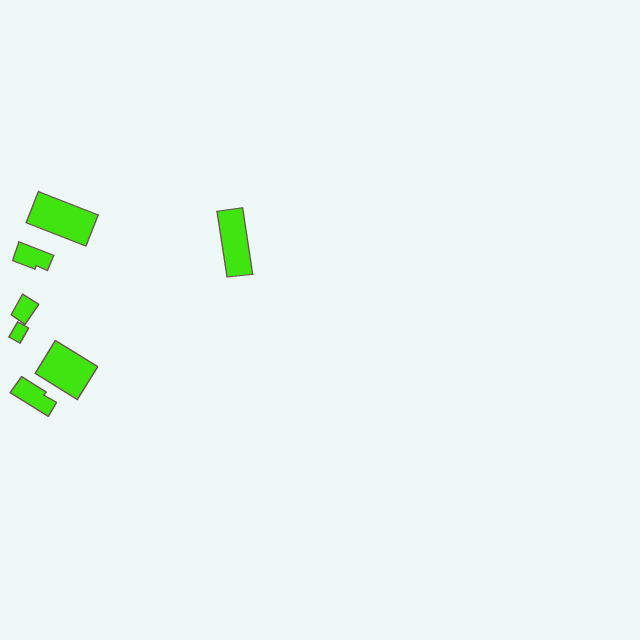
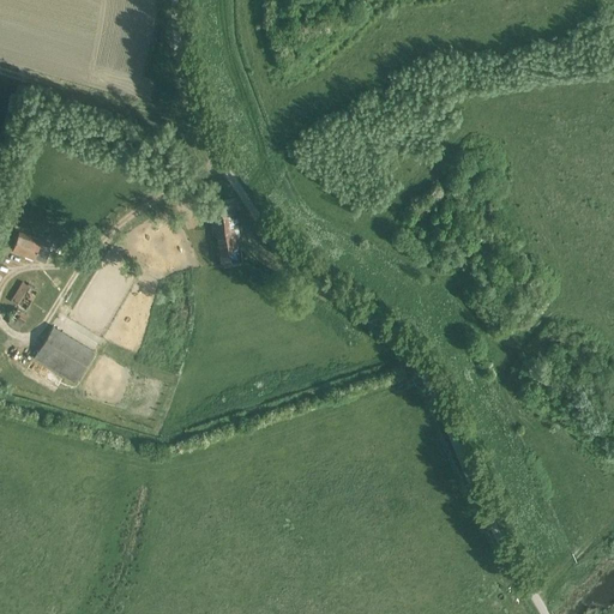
building: [26,191,98,246] -> none
building: [10,377,56,416] -> none

